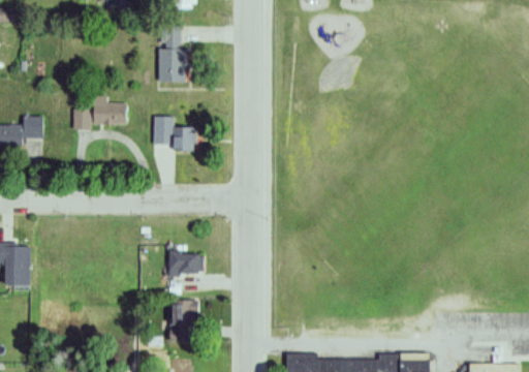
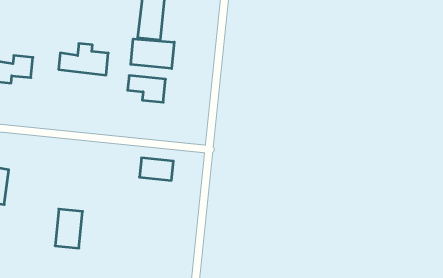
building: none -> [131,39,174,69]
building: [168,253,205,275] -> [139,158,173,180]
building: [169,301,196,342] -> [55,209,83,248]

